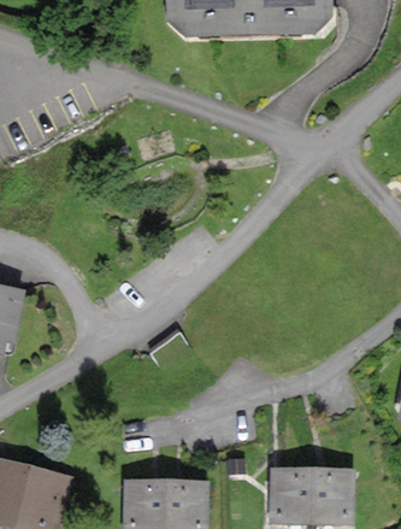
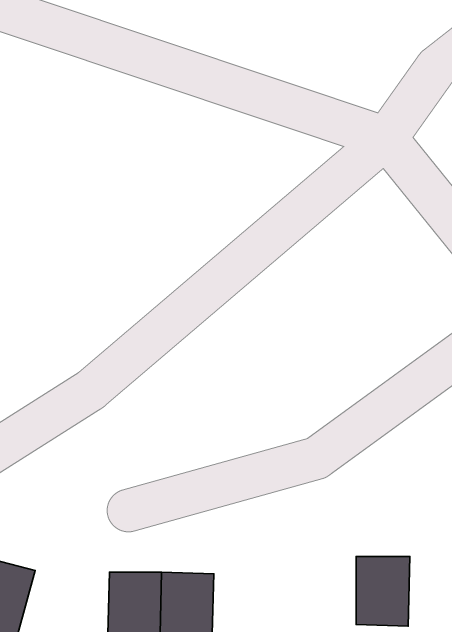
building: [273,468,313,521] -> none

